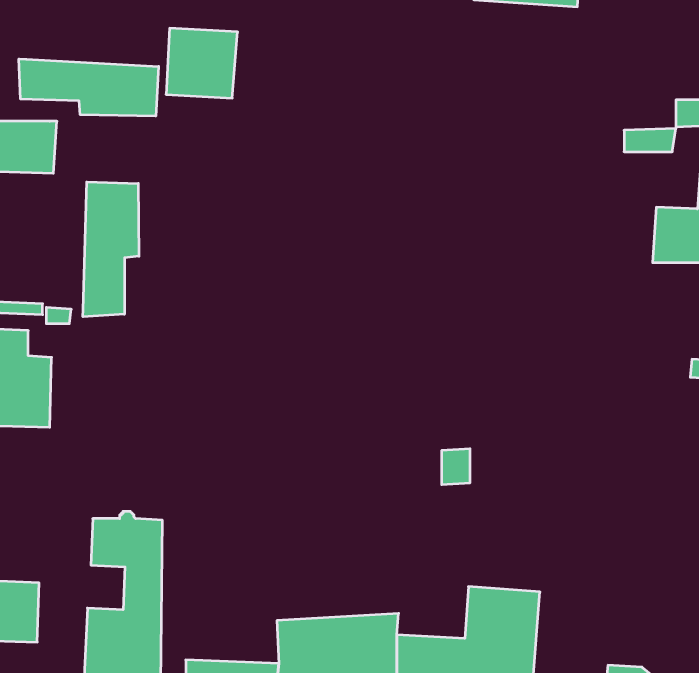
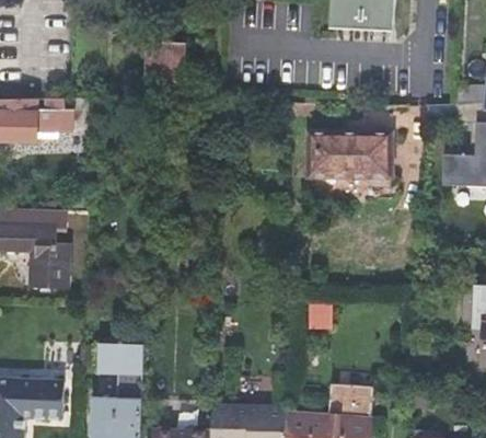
building: [19,59,159,116] -> none
building: none -> [302,131,385,176]
building: [83,182,139,317] -> none

